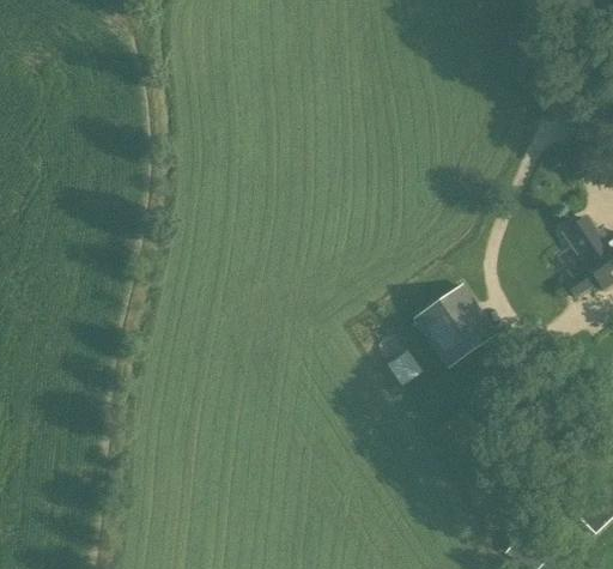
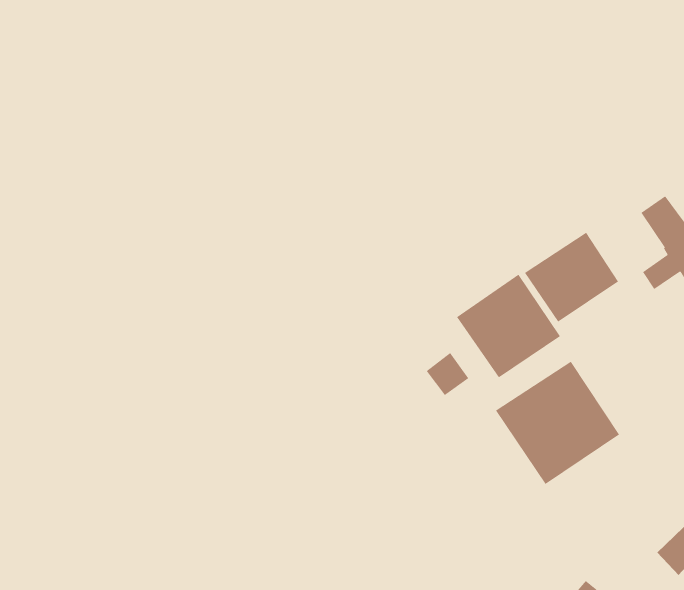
building: none -> [524,232,619,323]
building: none -> [495,361,620,485]

